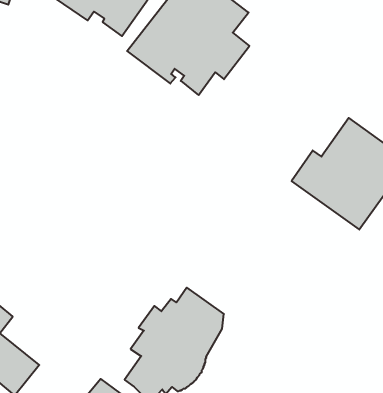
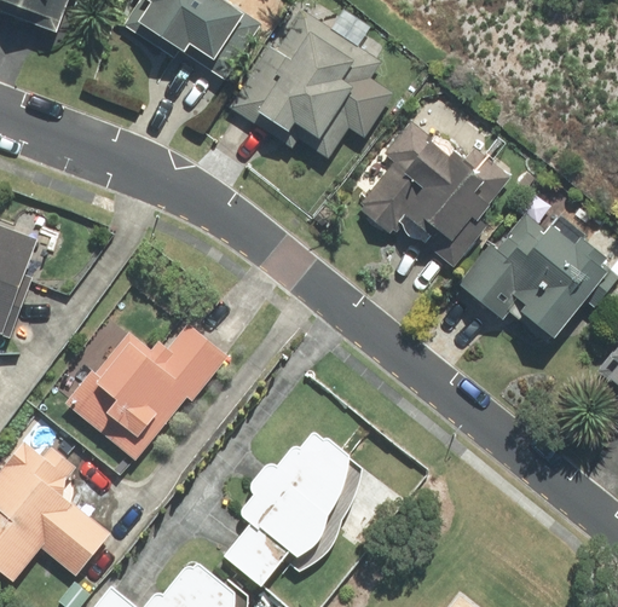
building: none -> [351,118,512,259]
building: none -> [59,319,226,459]

